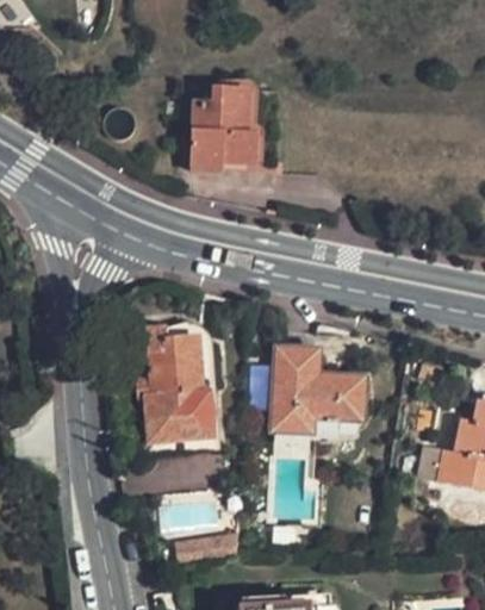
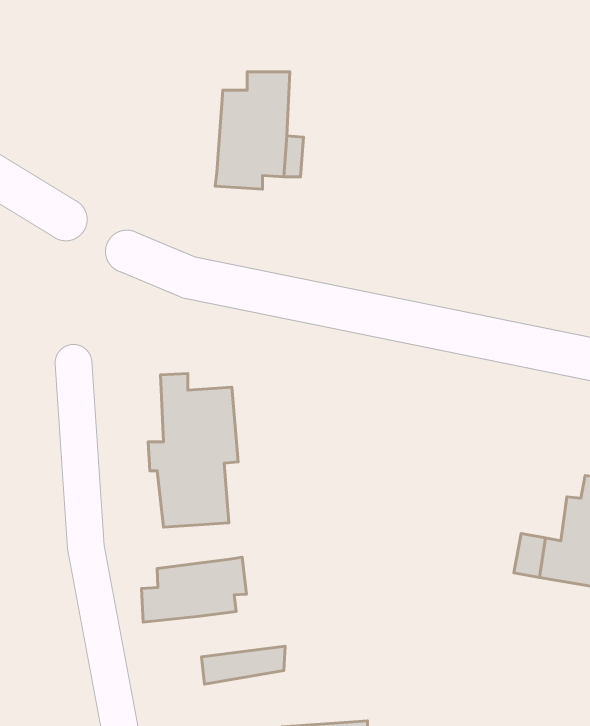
building: [275,347,363,455] -> none
building: none -> [142,557,246,622]

